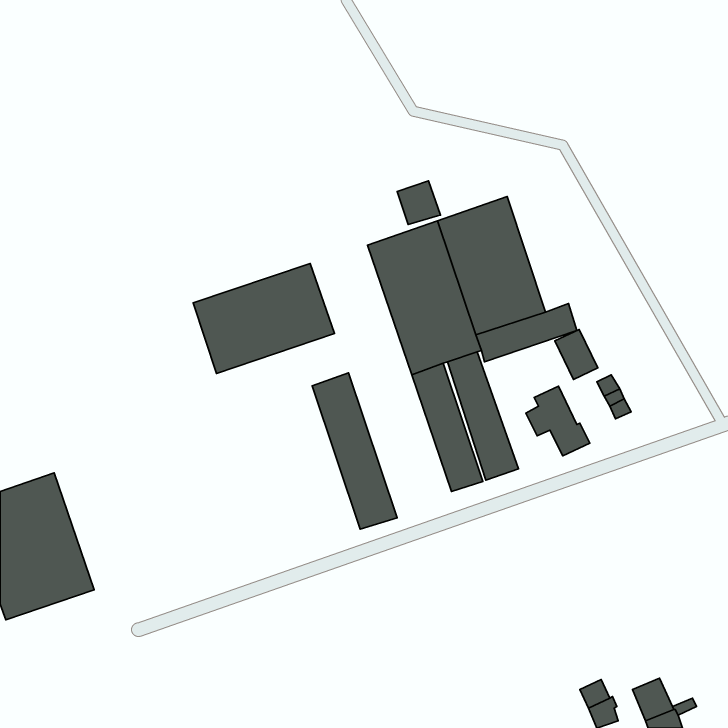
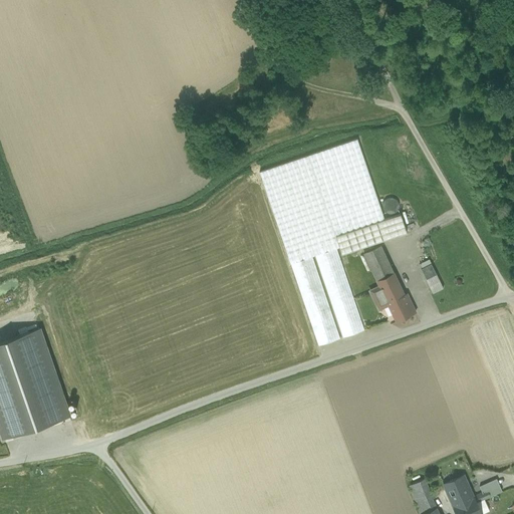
building: [397,181,441,224] -> none
building: [193,263,334,374] -> none
building: [555,329,598,379] -> [363,245,394,280]
building: [312,373,397,529] -> none

